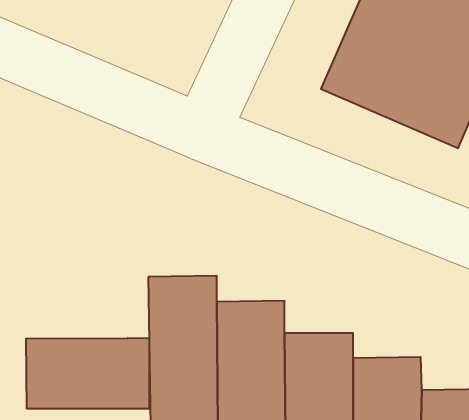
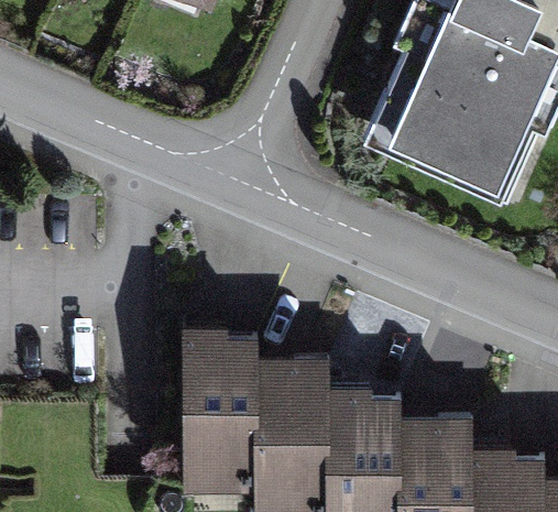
building: [26,338,149,409] -> none

